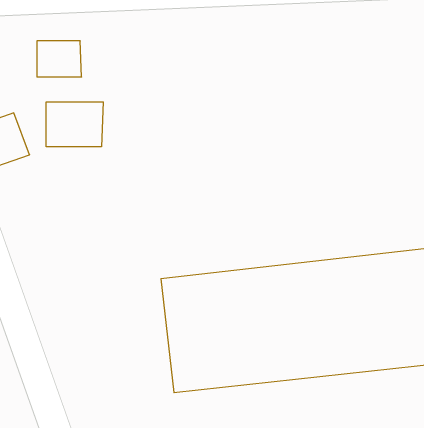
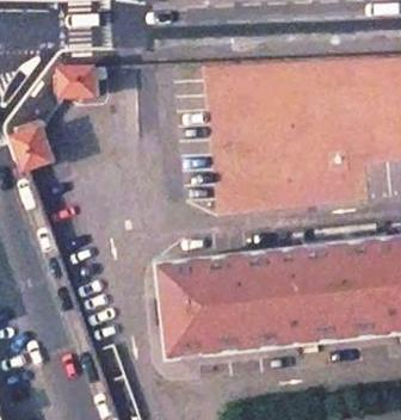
building: [46,102,103,147] -> none

